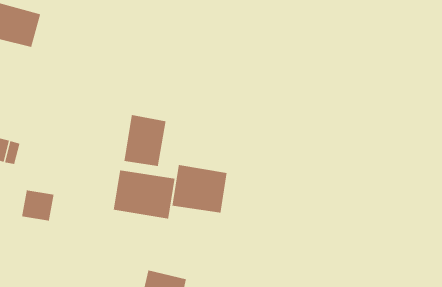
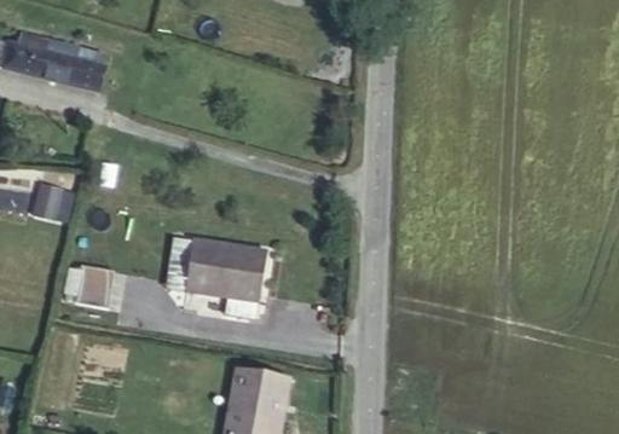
building: [123,114,166,167] -> none
building: [172,164,228,213] -> none

